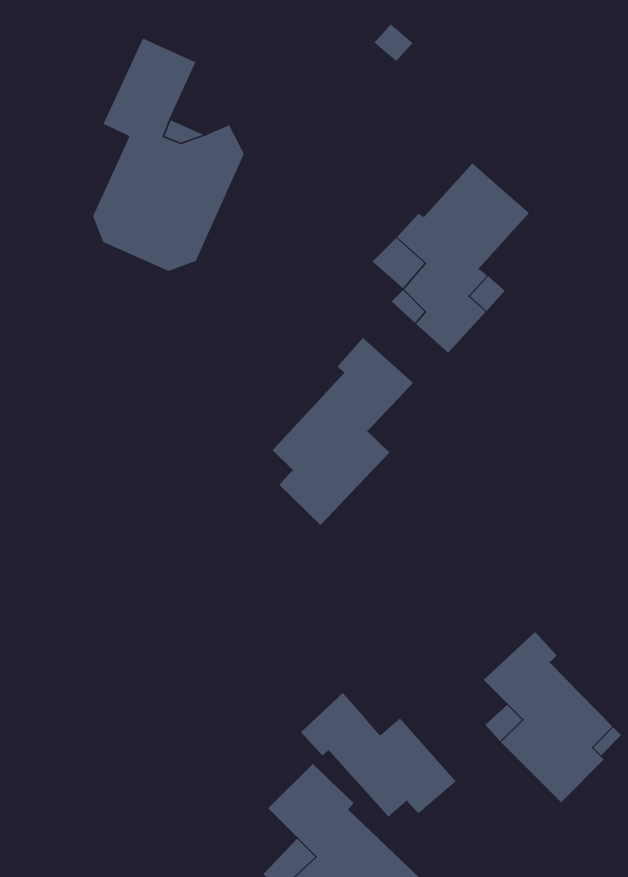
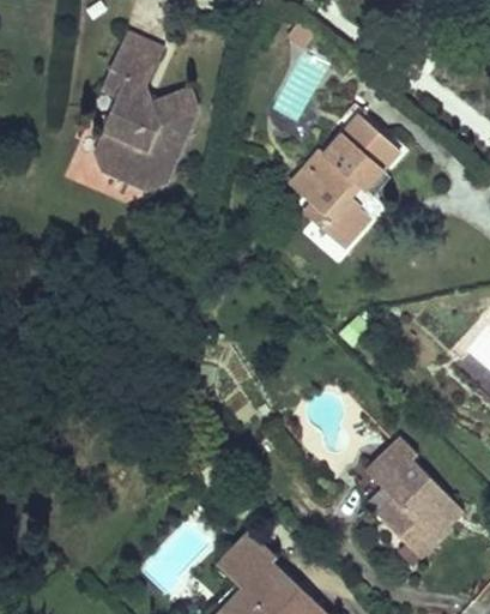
building: [272,337,414,526] -> none
building: [300,692,457,817] -> none

